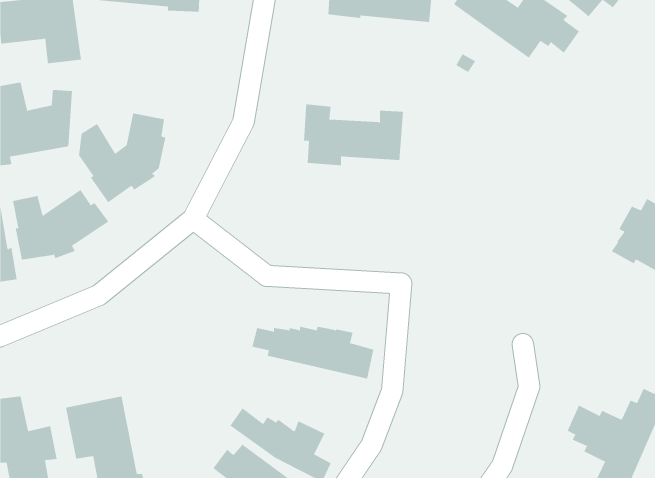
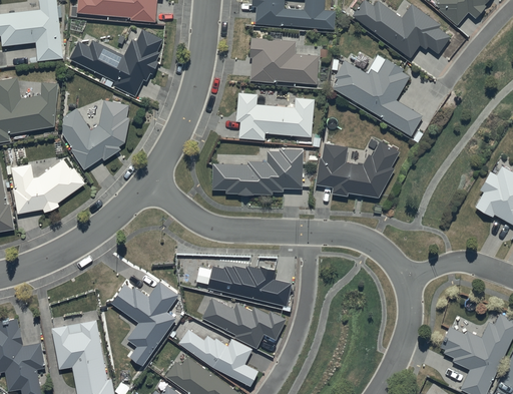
building: none -> [69,28,162,96]
building: none -> [249,37,319,84]
building: none -> [333,53,422,135]
building: none -> [315,140,399,198]
building: none -> [211,147,303,194]
building: none -> [111,281,179,365]
building: none -> [201,297,287,348]

